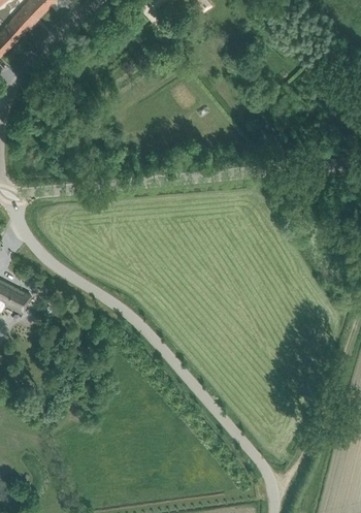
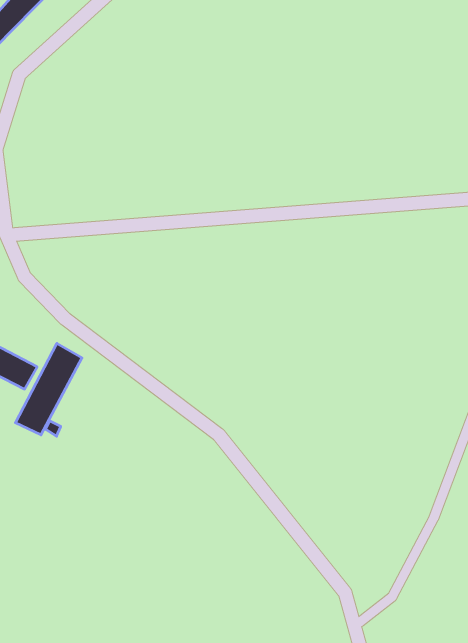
building: none -> [15,343,82,435]

